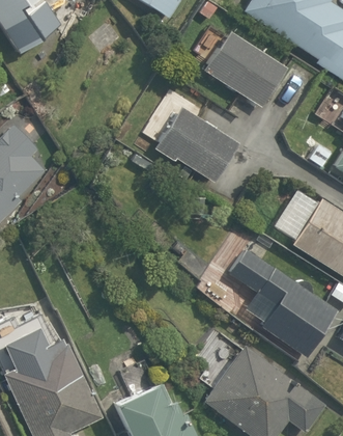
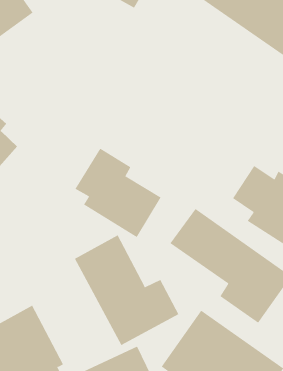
building: [203,28,287,107] -> none
building: [145,88,237,184] -> [74,148,161,238]
building: none -> [74,235,179,346]

